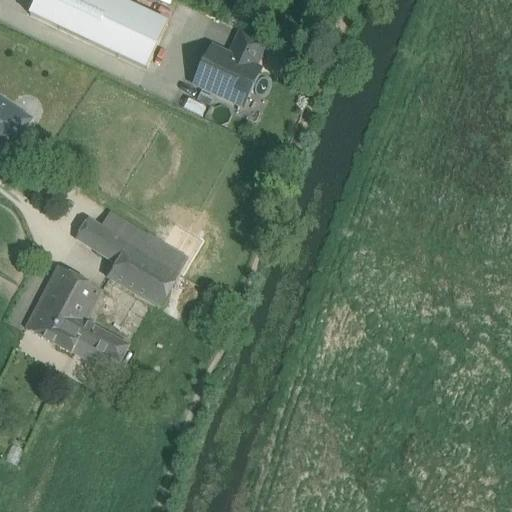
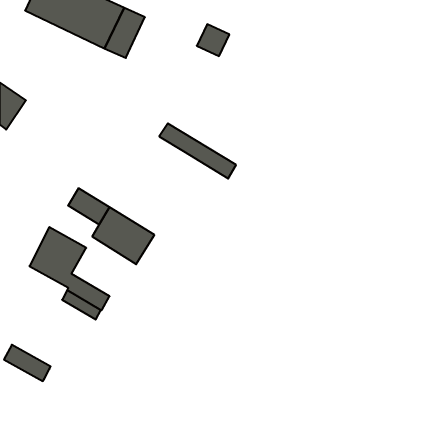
building: [199,47,256,102] -> none
building: [99,208,188,272] -> [159,123,236,179]
building: [25,308,79,350] -> [4,345,51,381]

